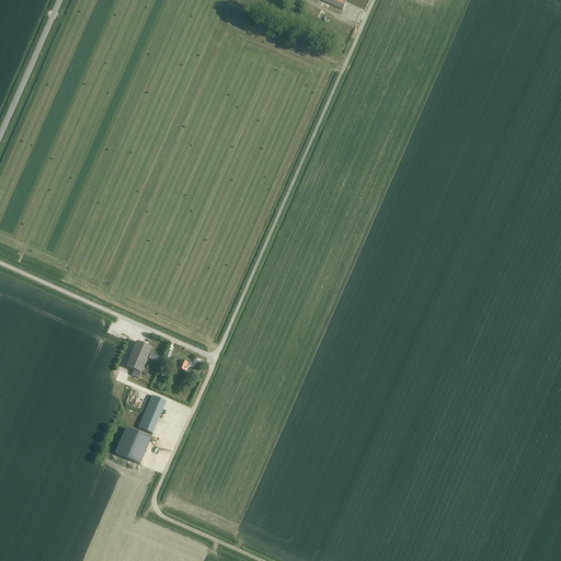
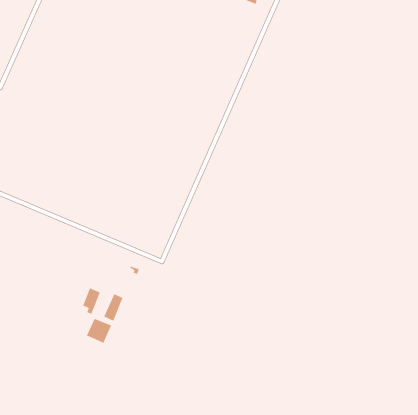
building: [126,339,151,376] -> [82,287,101,315]

